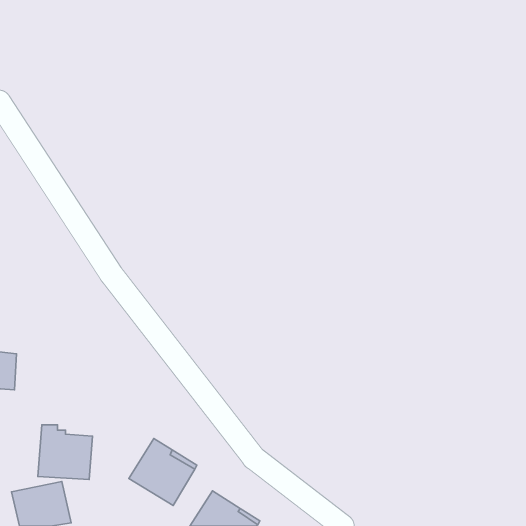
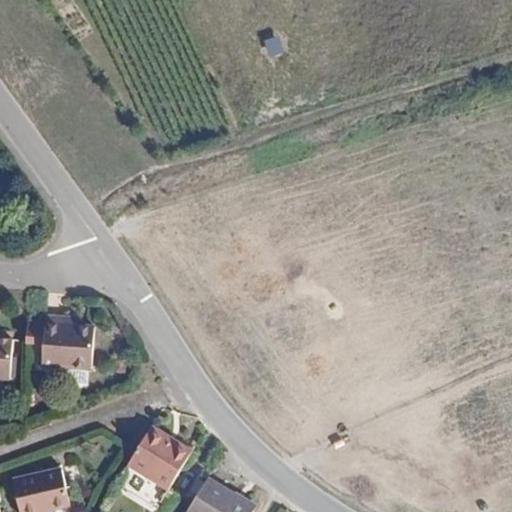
building: [38,425,92,480] -> [41,320,94,373]

